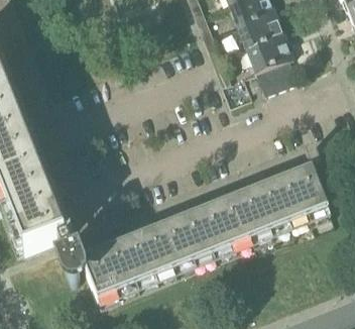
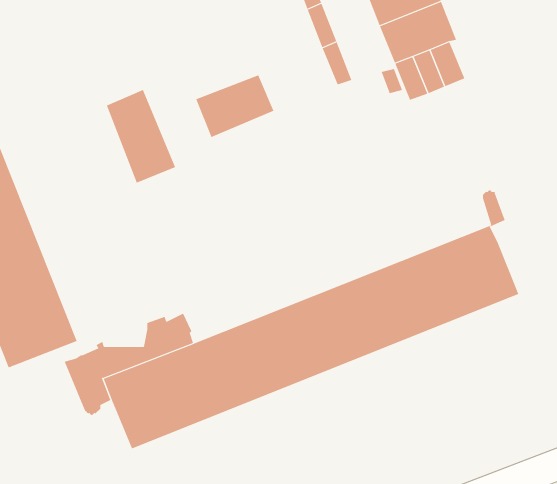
building: none -> [195,74,274,138]
building: none -> [106,89,176,183]

